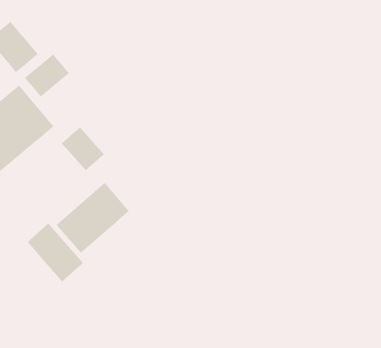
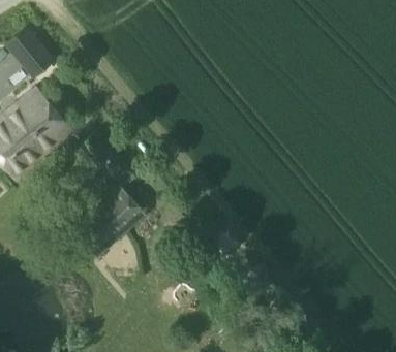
building: [24,54,70,97] -> none
building: [27,222,84,283] -> none

